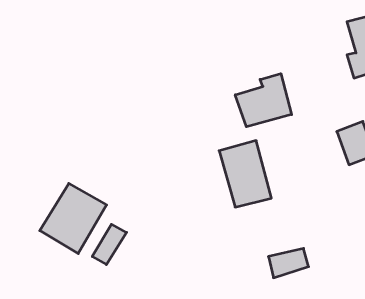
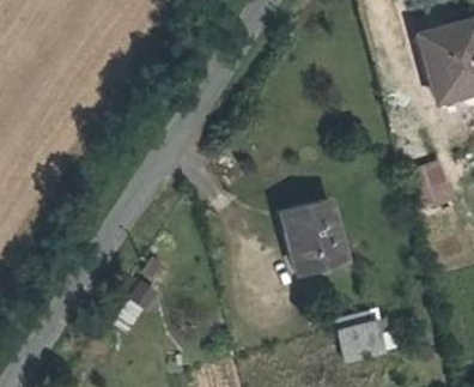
building: [235,74,292,127] -> none
building: [40,183,107,254] -> none

